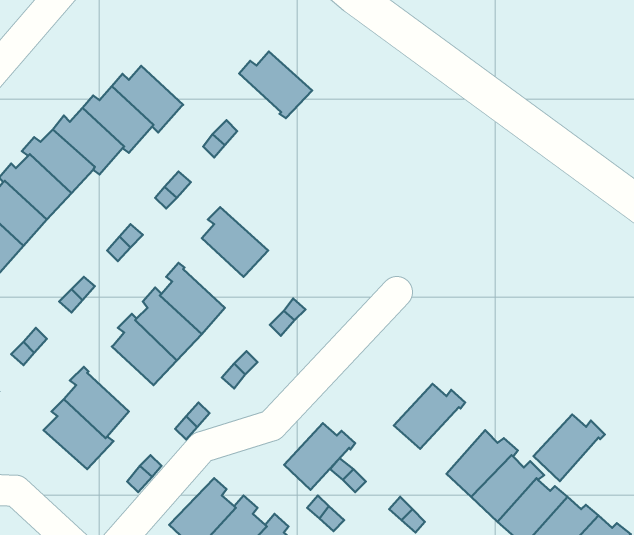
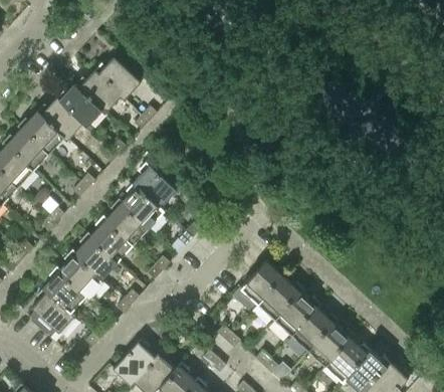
building: [239,52,312,118] -> [93,58,141,102]
building: none -> [121,184,164,229]
building: none -> [58,250,101,297]
building: [533,414,605,481] -> [274,293,320,337]
building: [284,423,355,490] -> [240,262,286,306]

